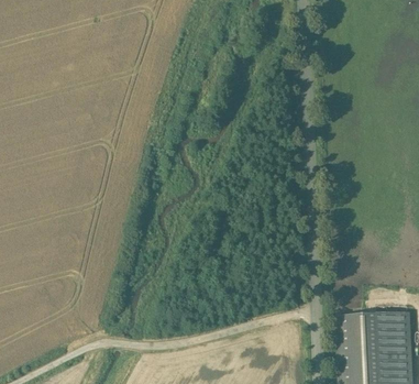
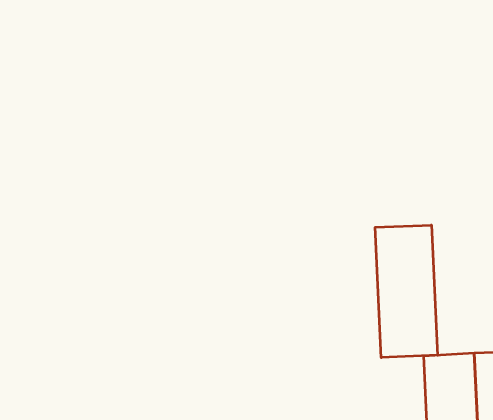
building: none -> [375,225,438,358]

